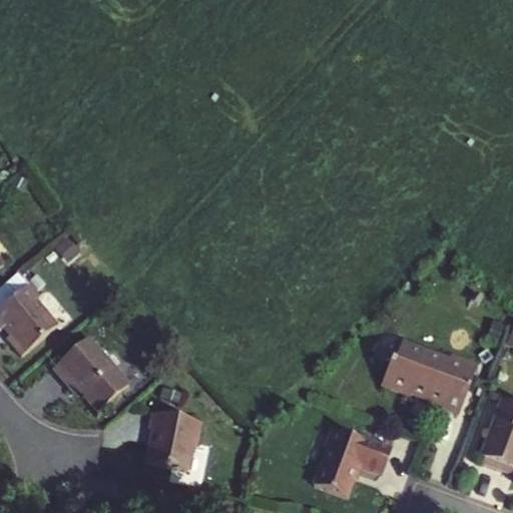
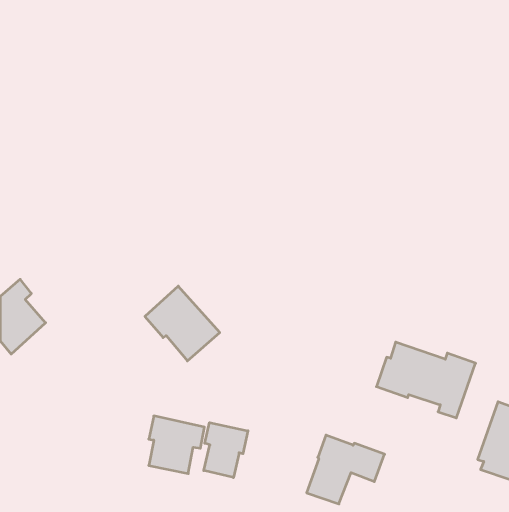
building: [52,336,126,410] -> [145,286,220,361]
building: none -> [204,423,248,478]

